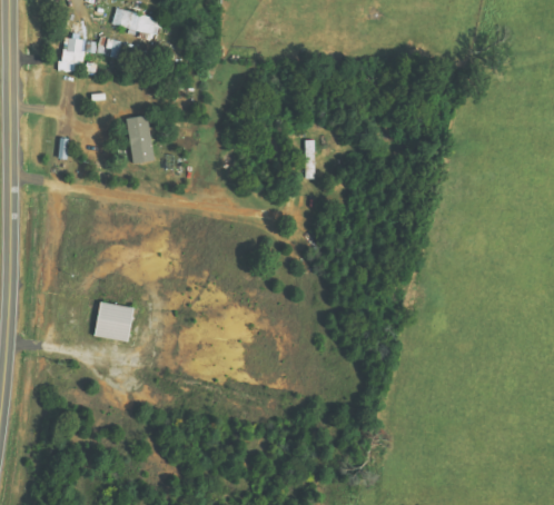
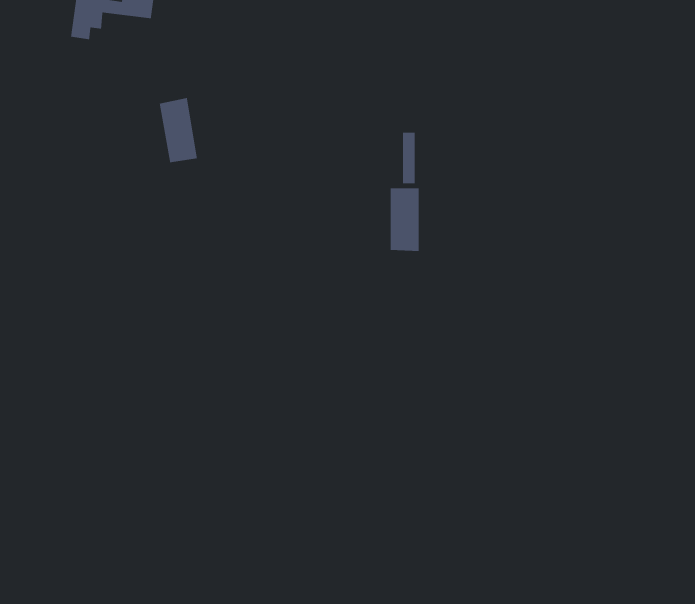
building: none -> [390,187,419,252]
building: [93,300,133,341] -> none

